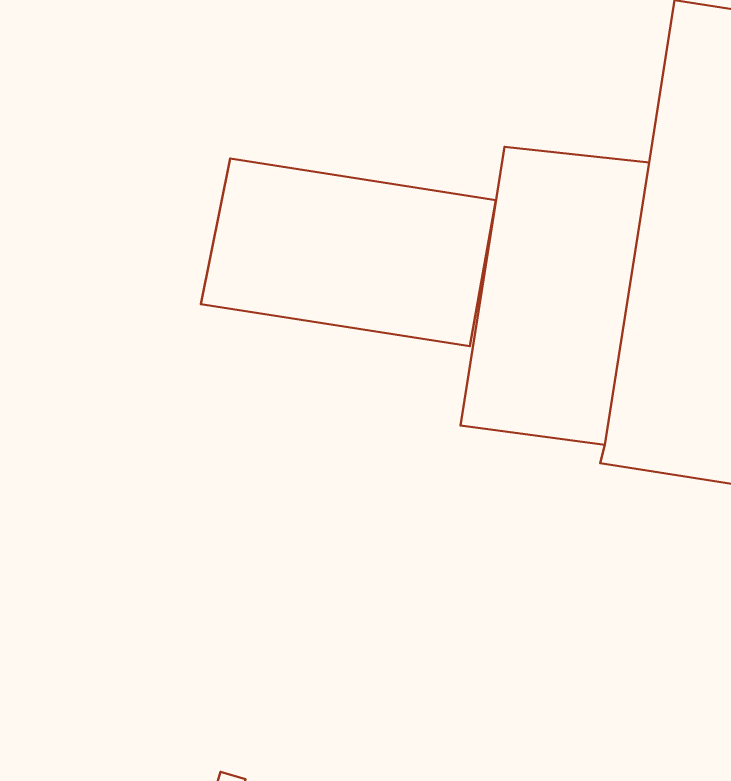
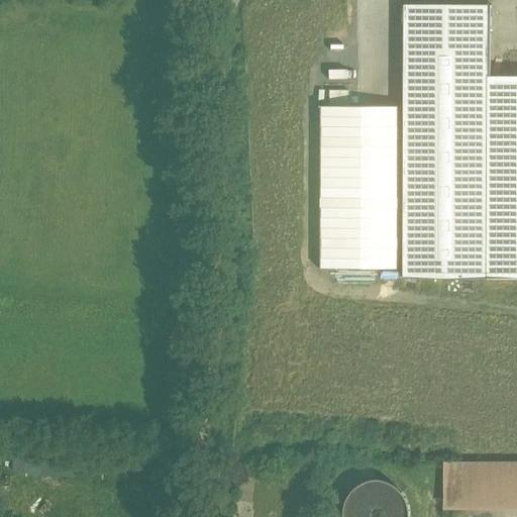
building: [201,159,496,346] -> none

